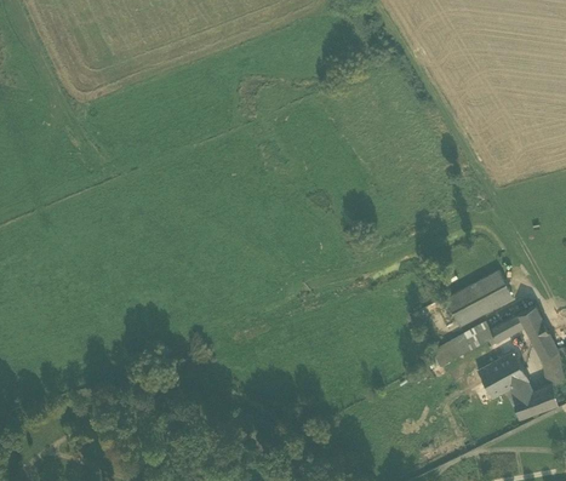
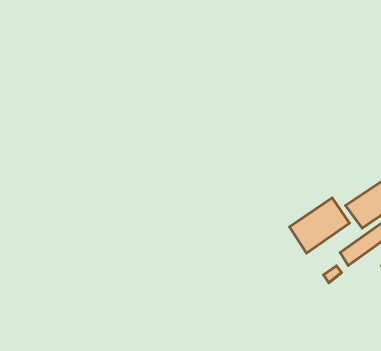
building: none -> [290,198,350,253]

